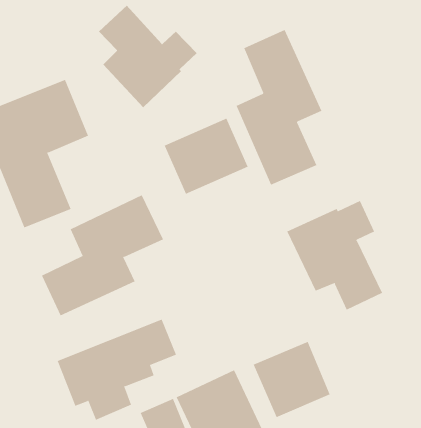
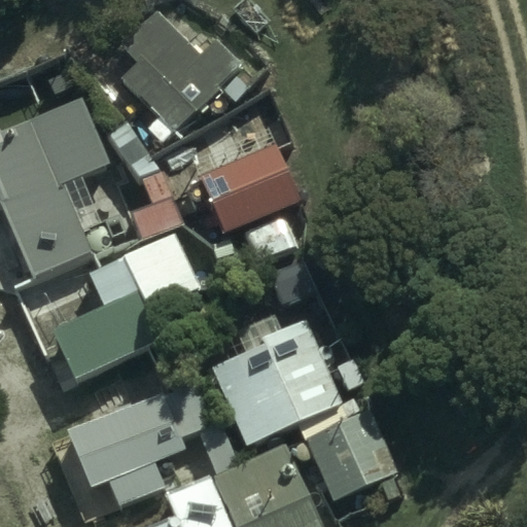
building: [236,29,322,186] -> none
building: [287,200,383,310] -> none
building: none -> [213,321,339,443]

